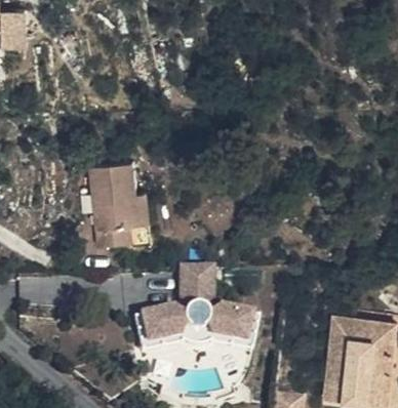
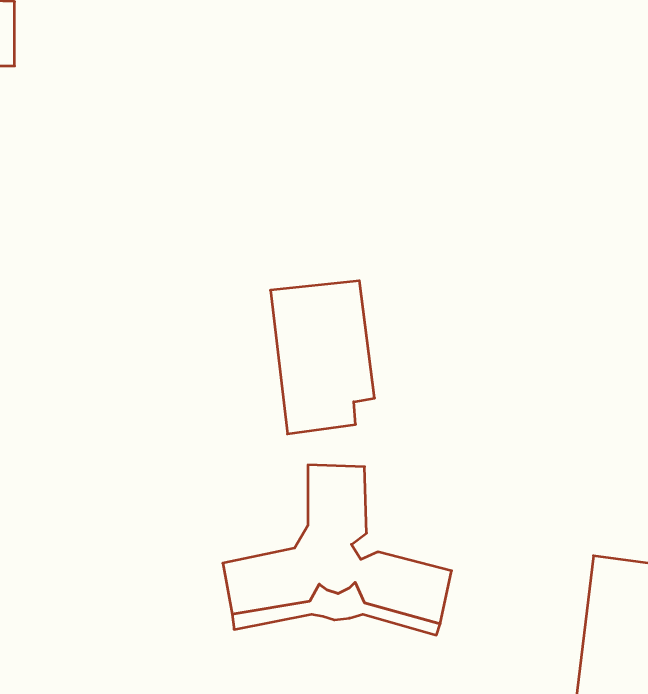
building: [88,161,145,244] -> [270,281,375,434]

